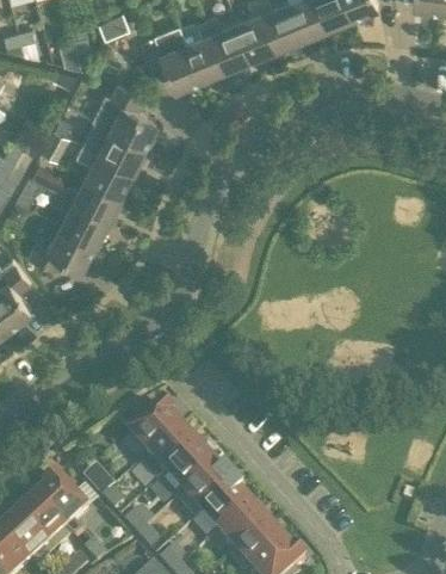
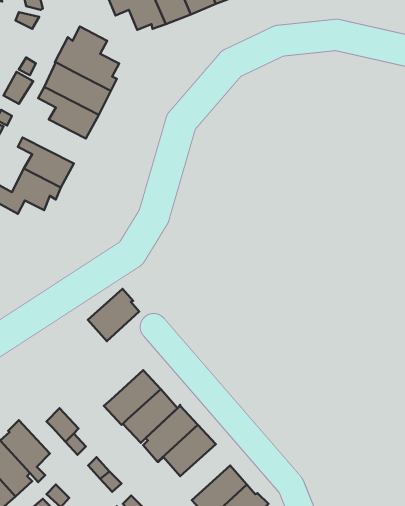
building: [60,174,123,218] -> none
building: [129,402,180,455] -> [88,289,139,341]
building: [217,499,267,555] -> none

